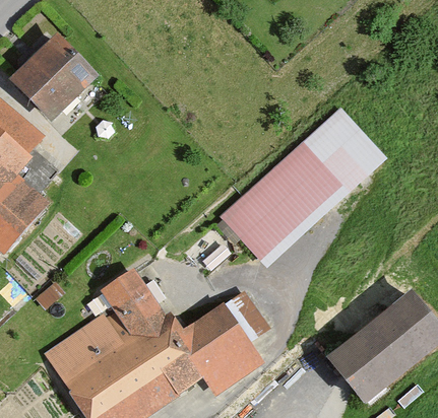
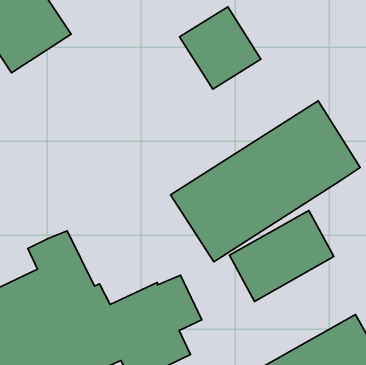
building: none -> [180,7,261,89]
building: none -> [230,210,334,301]

